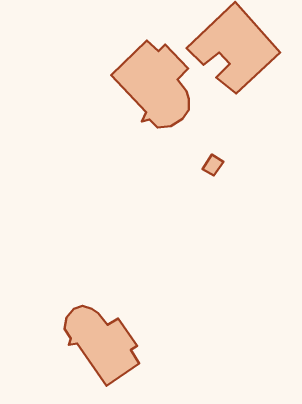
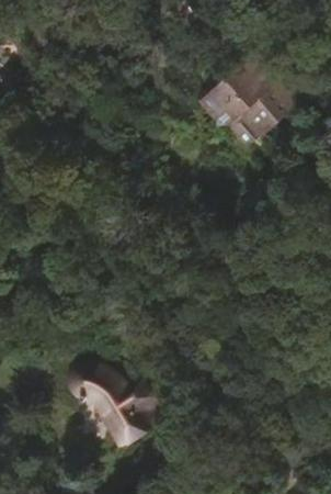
building: [111,41,189,128] -> none

